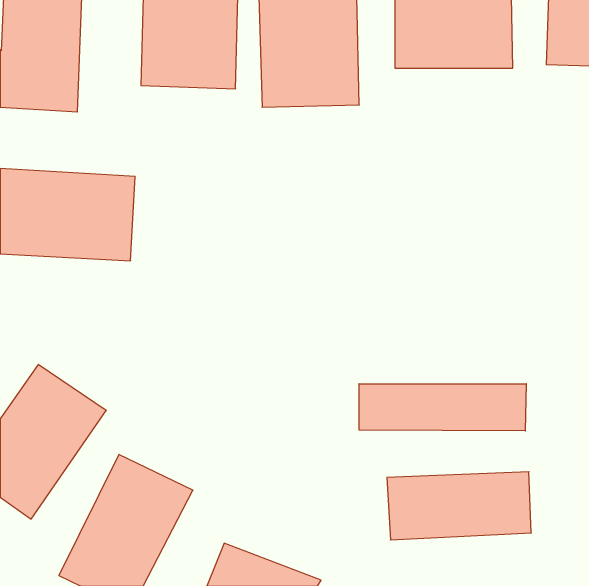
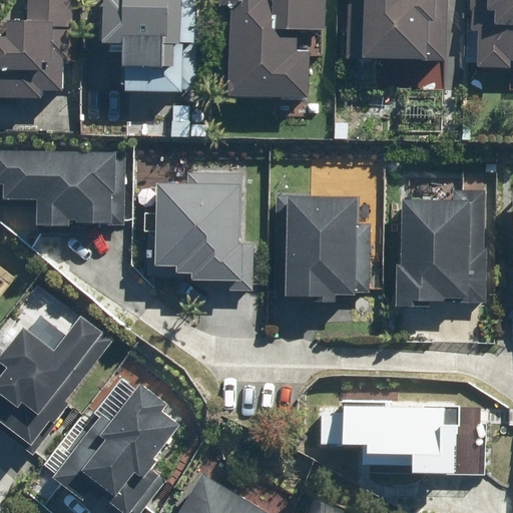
building: none -> [157,183,252,272]
building: none -> [273,196,372,298]
building: none -> [398,196,487,296]
building: [359,384,526,431] -> none

